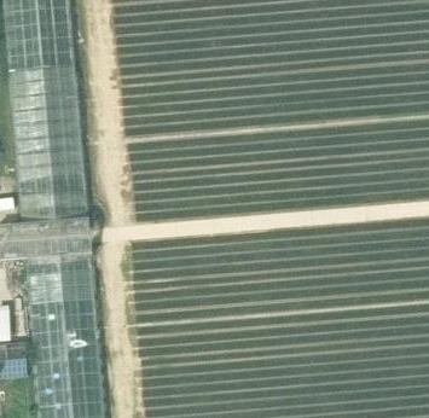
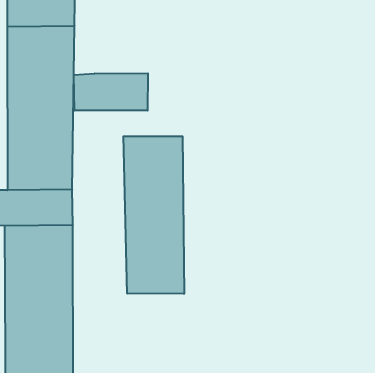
building: none -> [74,73,148,111]
building: none -> [123,136,184,294]

